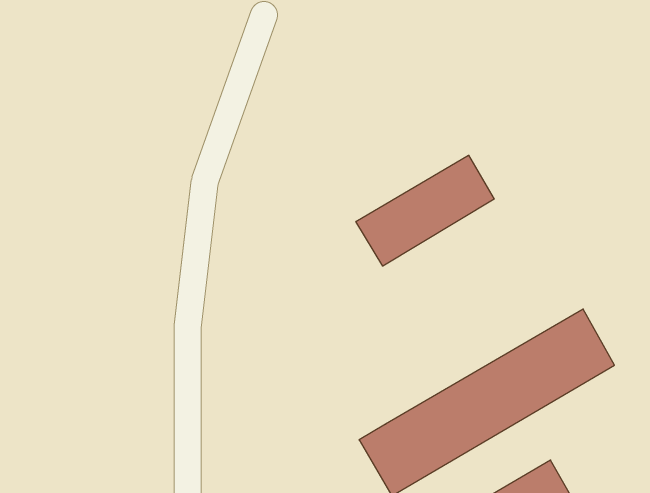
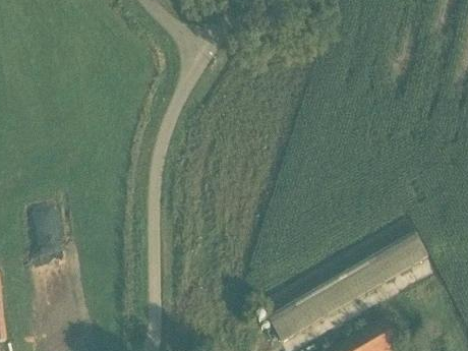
building: [356,155,494,266] -> none

